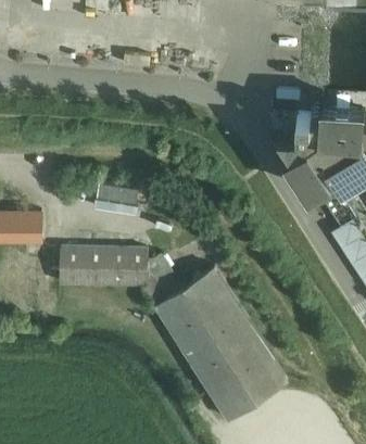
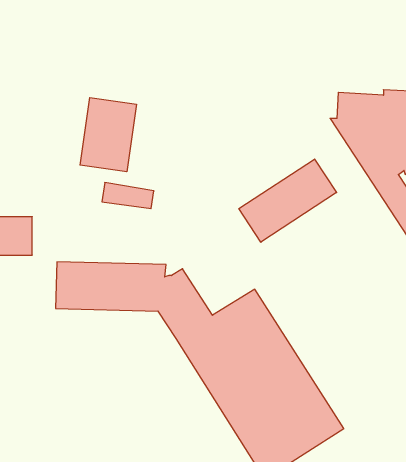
building: none -> [80,98,136,172]
building: none -> [239,159,337,242]

